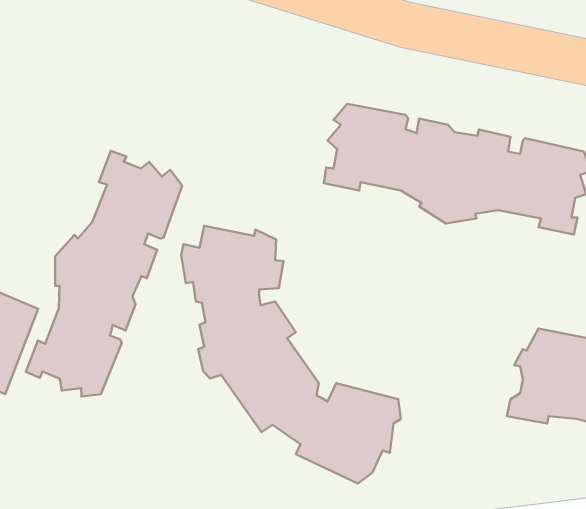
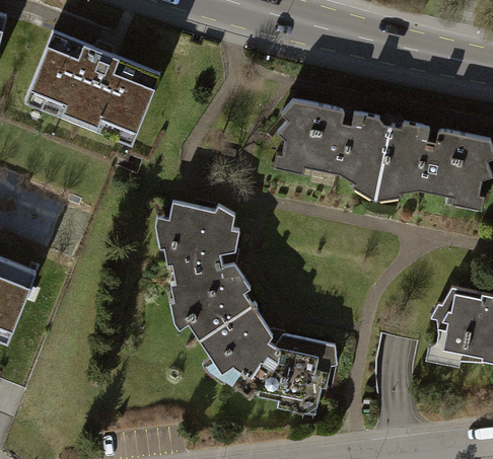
building: none -> [23,30,160,147]
building: [26,151,182,396] -> none

